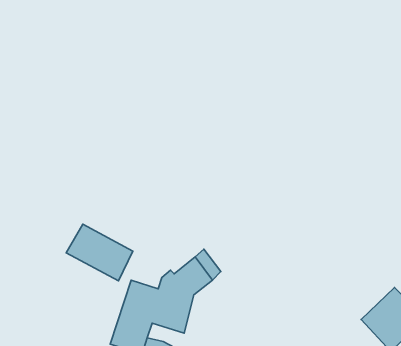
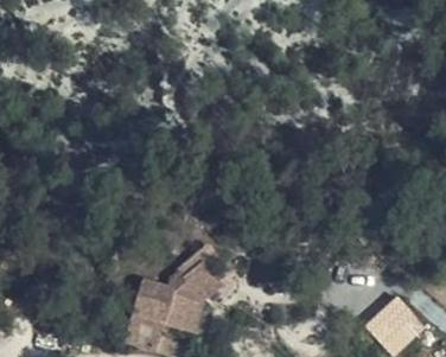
building: [66,224,133,281] -> none

